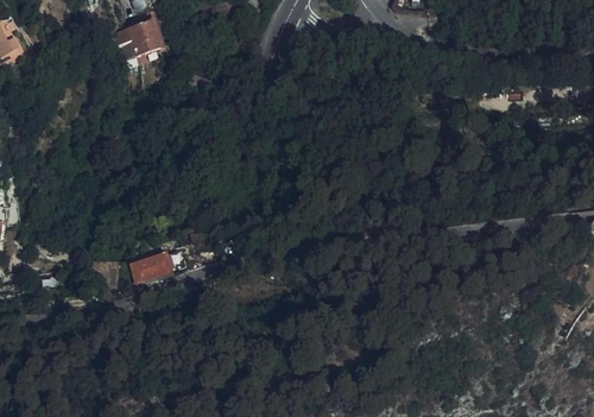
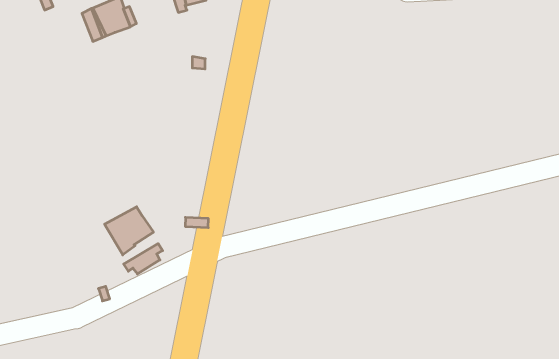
building: none -> [105,207,153,255]

